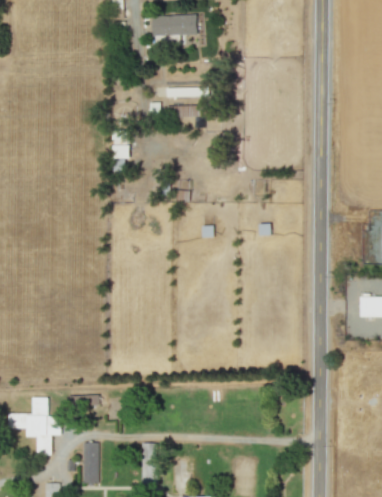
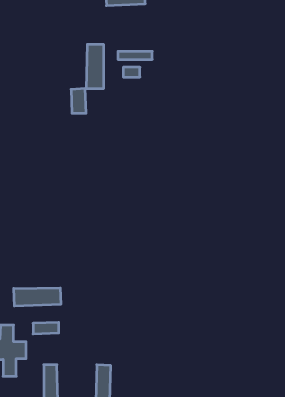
building: none -> [86,44,103,89]
building: none -> [14,288,61,306]

